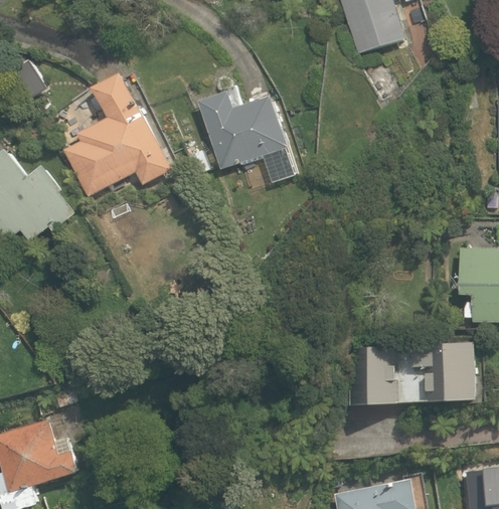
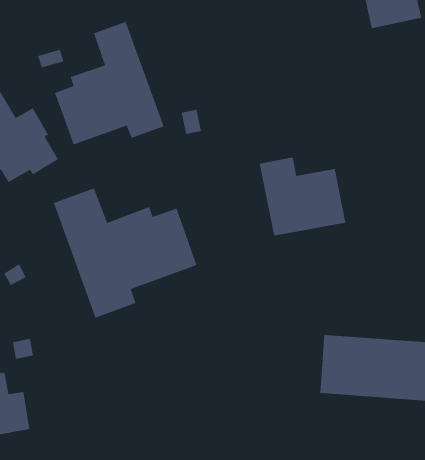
building: [198,91,288,168] -> [259,157,346,236]
building: none -> [53,187,197,318]

